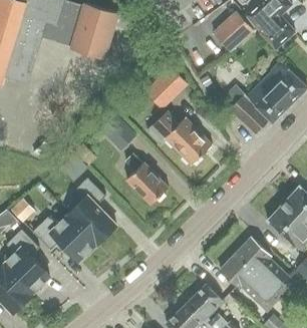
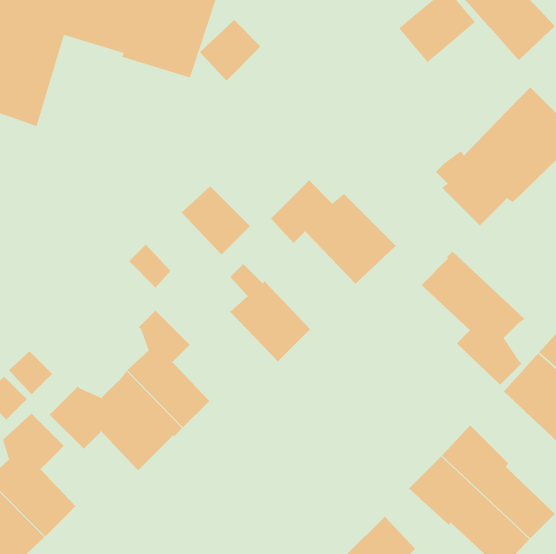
building: [154,67,186,99] -> [199,19,261,81]
building: none -> [421,251,525,386]

